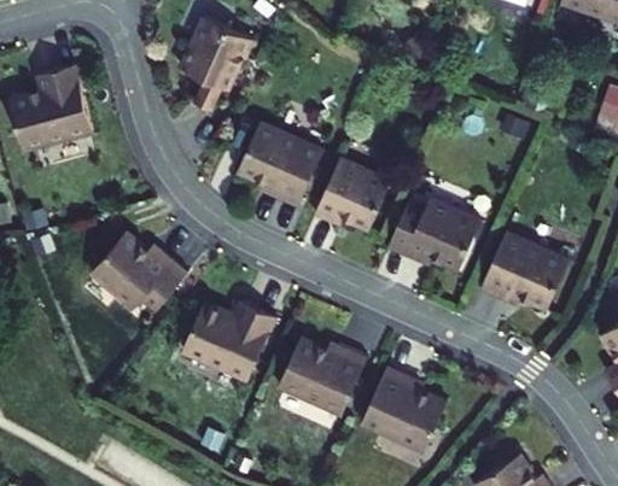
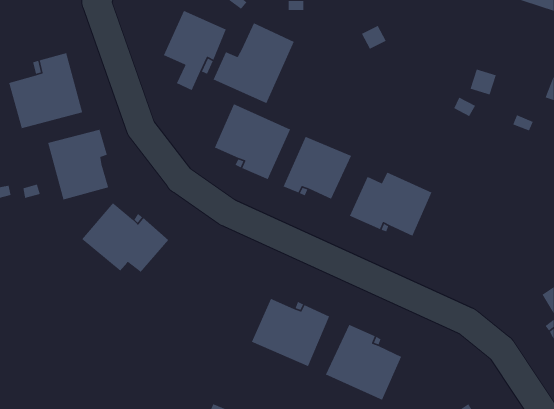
building: none -> [213,22,295,104]
building: none -> [47,129,109,201]
building: [480,232,569,309] -> none
building: [182,301,276,381] -> none

